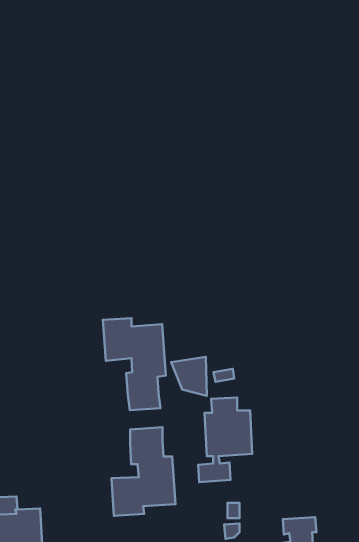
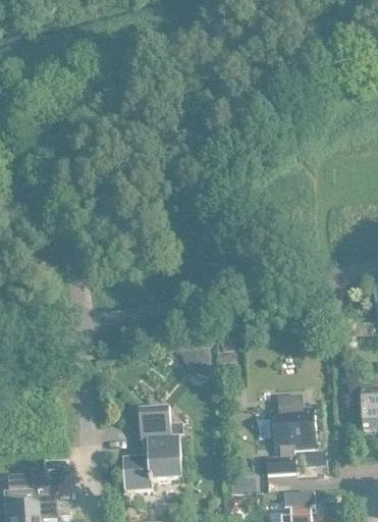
building: [103,318,166,410] -> none
building: [198,398,252,482] -> [265,395,316,474]

